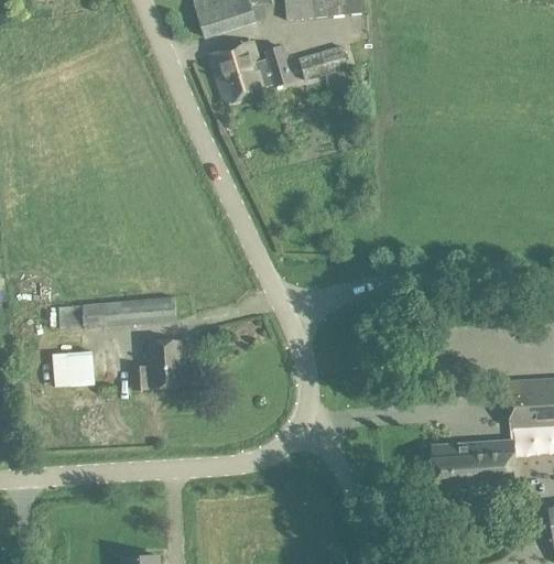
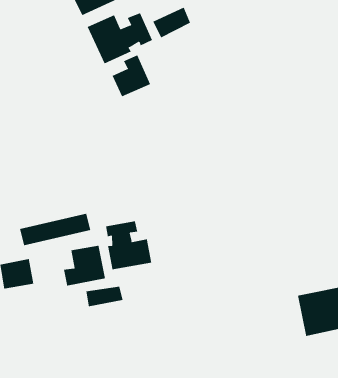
building: none -> [112,54,151,97]
building: none -> [106,220,152,270]
building: none -> [86,286,123,307]

